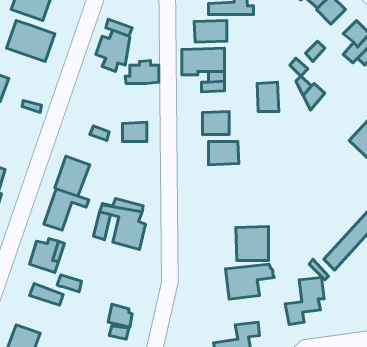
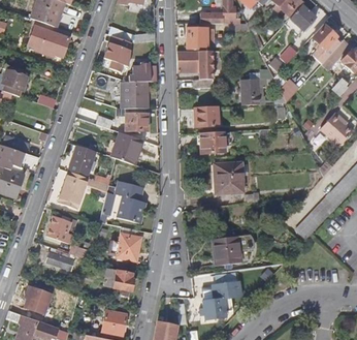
building: none -> [123,81,144,110]
building: none -> [110,131,139,162]
building: [236,226,268,260] -> [212,161,239,190]
building: none -> [109,225,140,259]
building: [285,278,324,325] -> none

